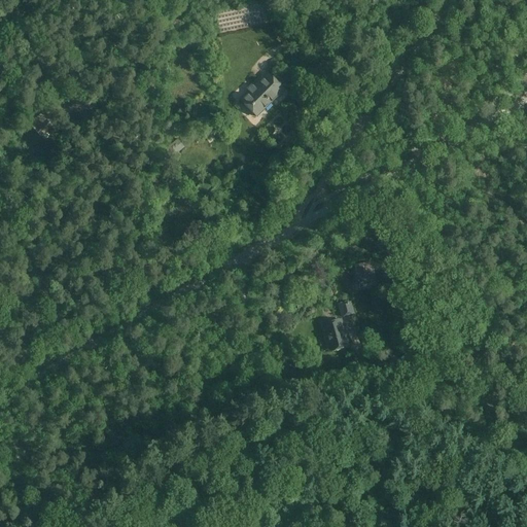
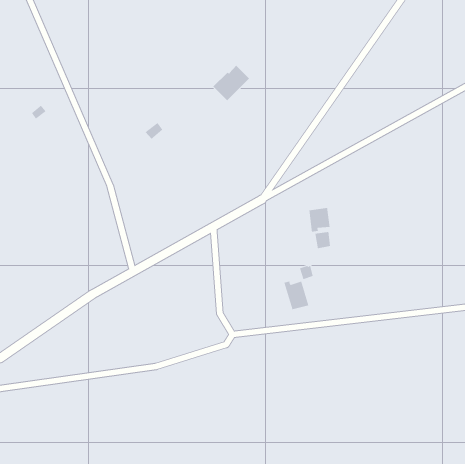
building: none -> [309,207,330,232]

